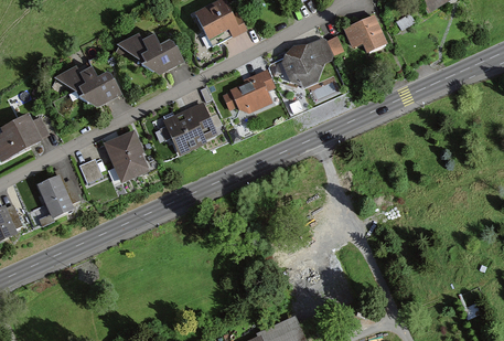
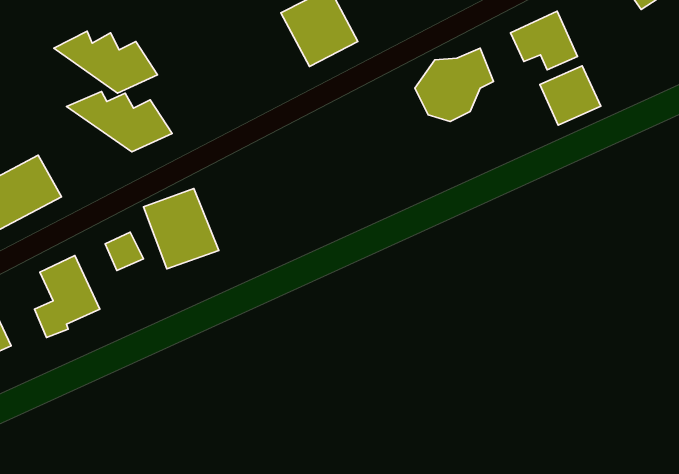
building: [116,32,184,73] -> [54,31,158,93]
building: none -> [540,66,601,125]
building: [218,65,280,117] -> none
building: [162,102,218,154] -> none

